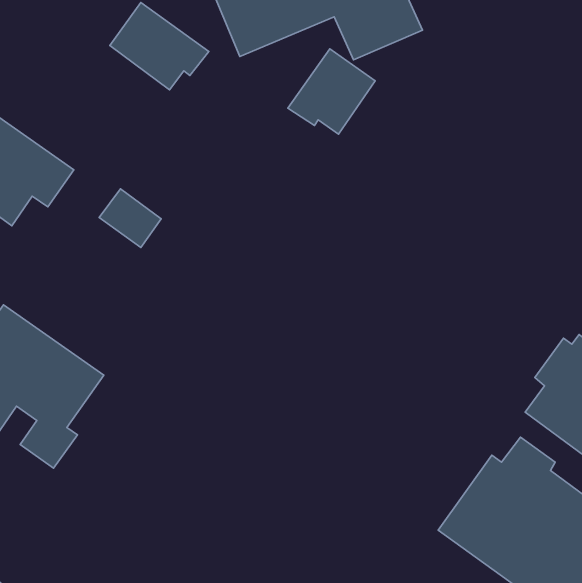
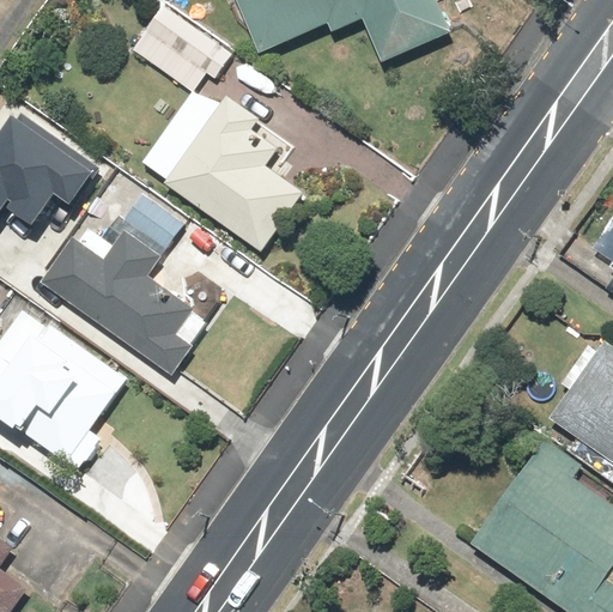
building: [288,49,375,134] -> none
building: none -> [145,93,305,254]
building: none -> [43,224,211,375]

